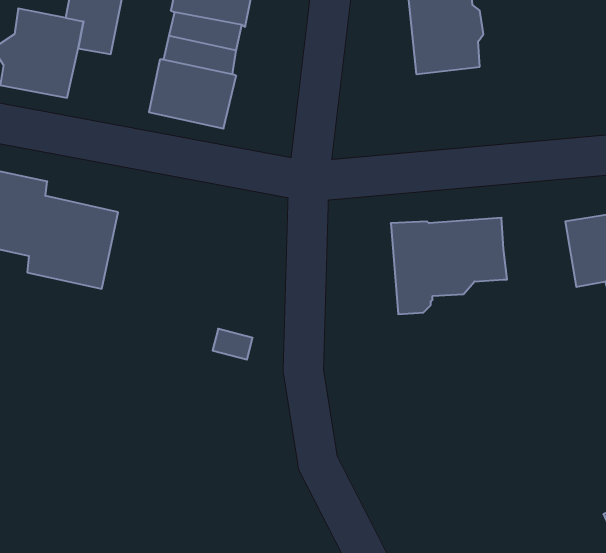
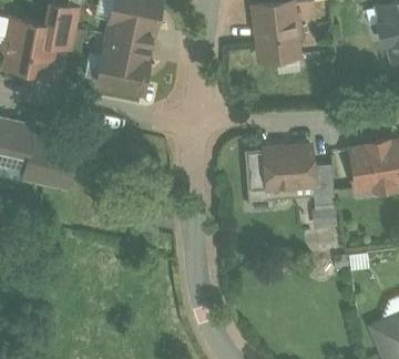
building: none -> [311,165,334,206]

